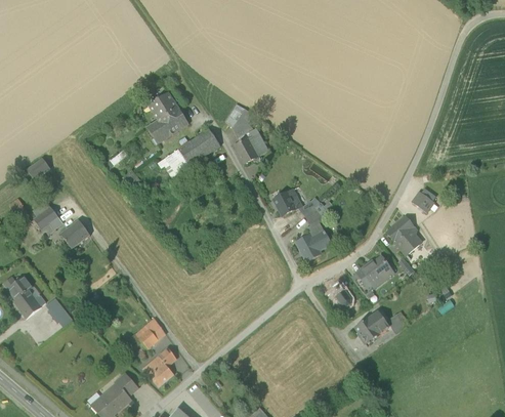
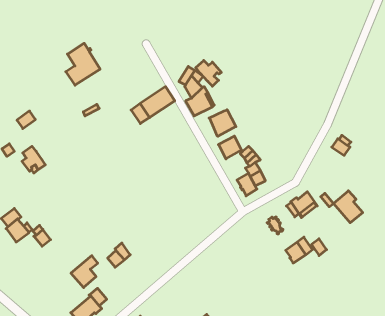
building: [145,92,187,143] -> [66,43,100,85]
building: none -> [196,60,221,86]
building: none -> [209,110,236,136]
building: [385,216,421,255] -> [333,191,363,223]
building: [60,220,89,249] -> none
building: [142,348,175,387] -> [71,256,98,288]

